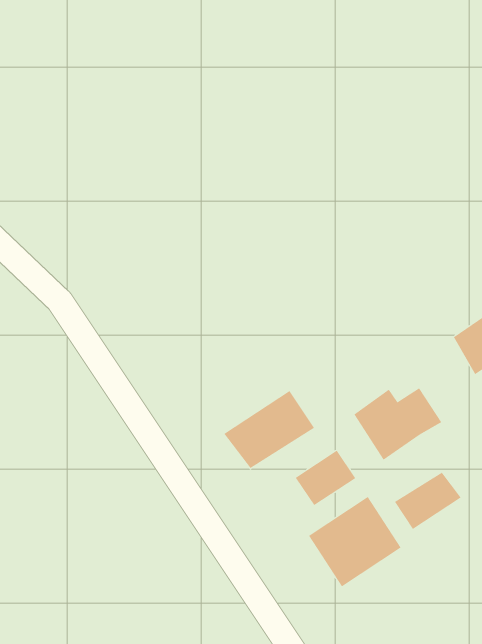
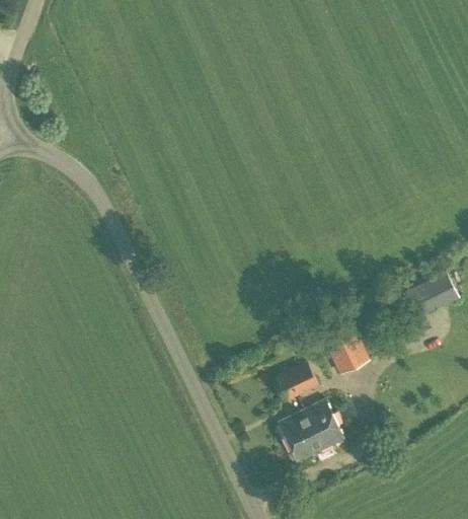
building: [224,390,315,469] -> none
building: [394,472,462,530] -> none

